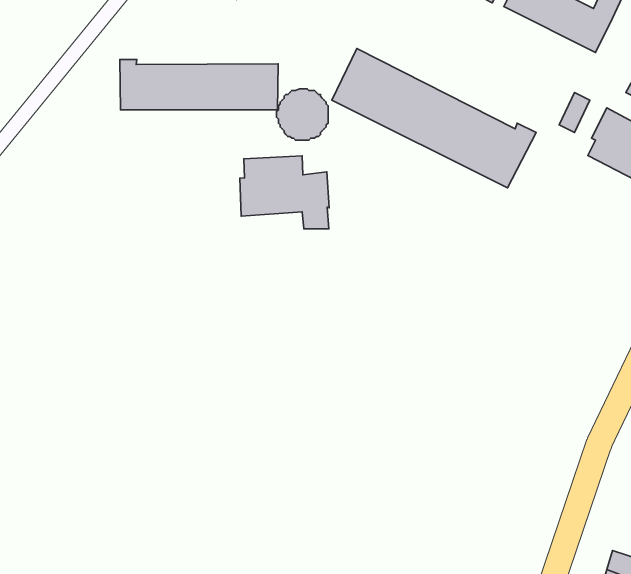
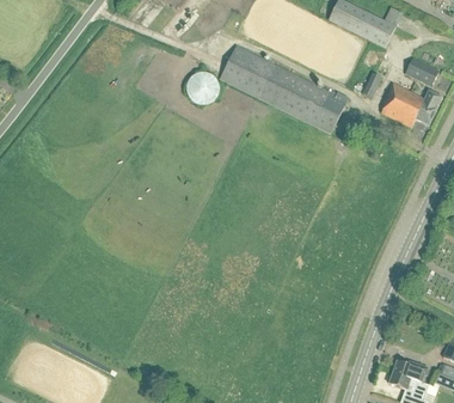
building: [120,60,278,110] -> none
building: [240,156,329,229] -> none

